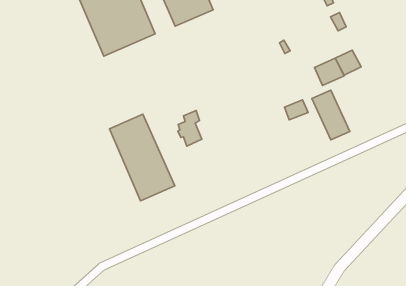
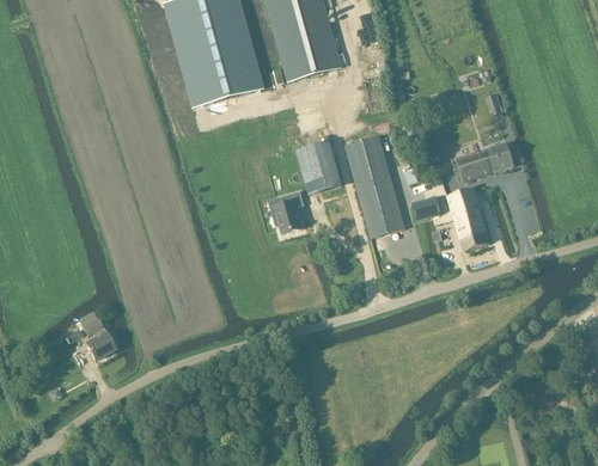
building: none -> [344,134,405,237]
building: none -> [297,142,343,197]
building: [109,114,175,201] -> none
building: none -> [83,318,116,360]

